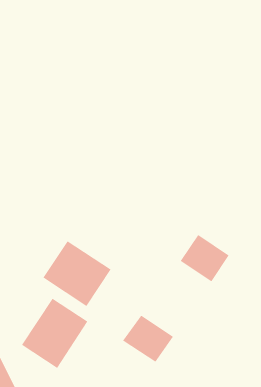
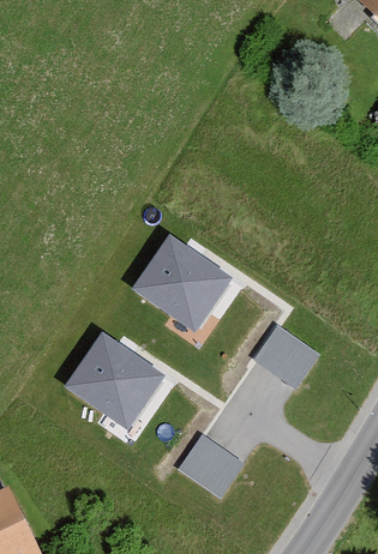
building: none -> [133,234,230,330]
building: [21,298,88,369] -> none

